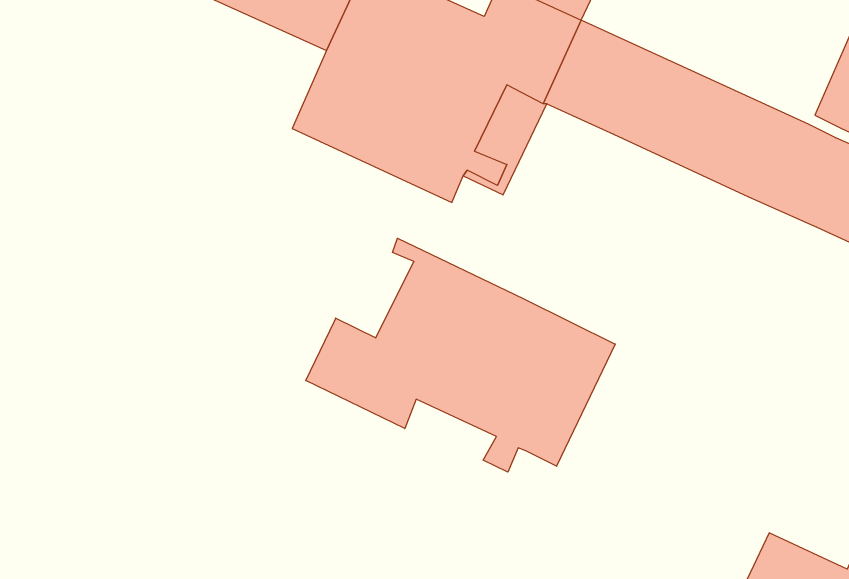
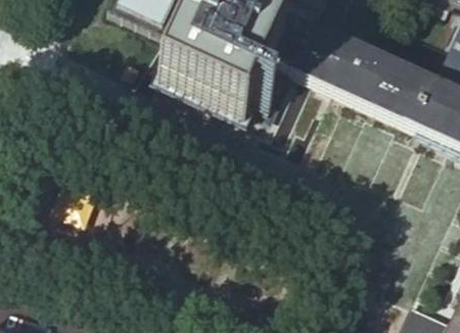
building: [306,238,615,472] -> none

